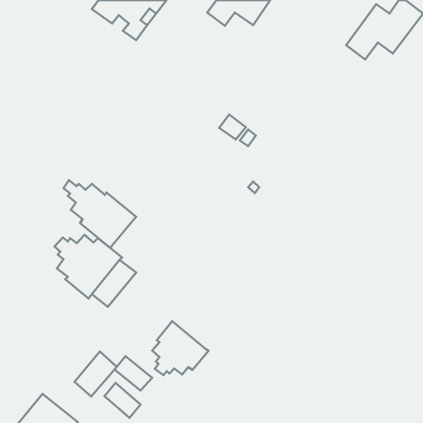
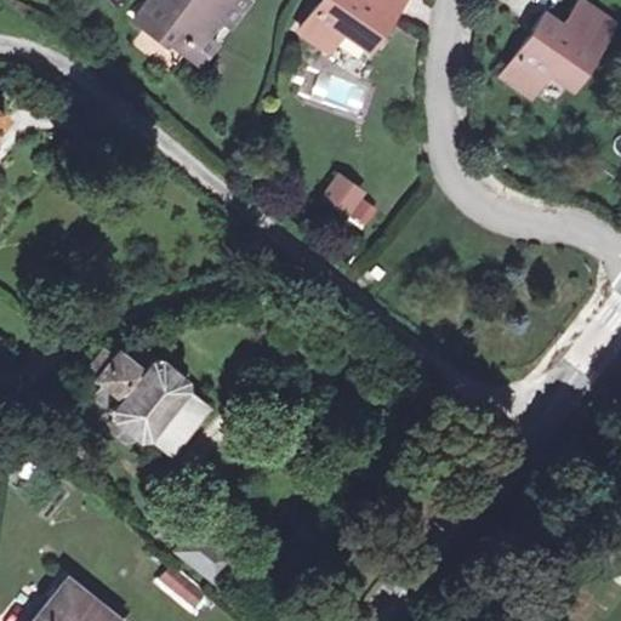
building: [64,180,136,248] -> none
building: [152,321,209,375] -> none
building: [74,351,117,396] -> none

